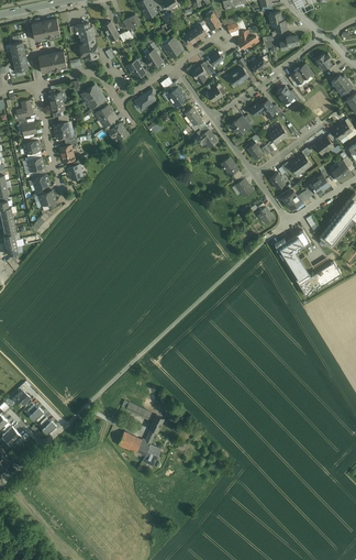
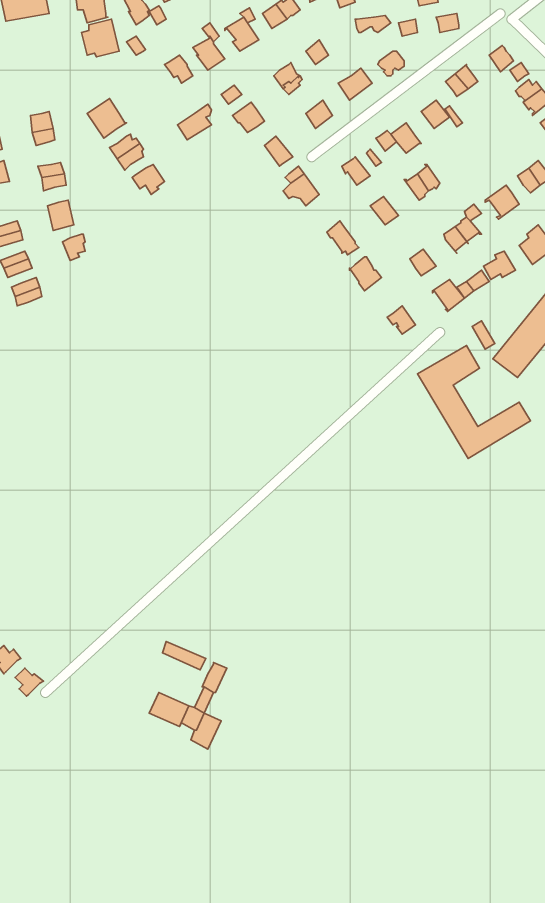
building: [37,51,66,73] -> none

